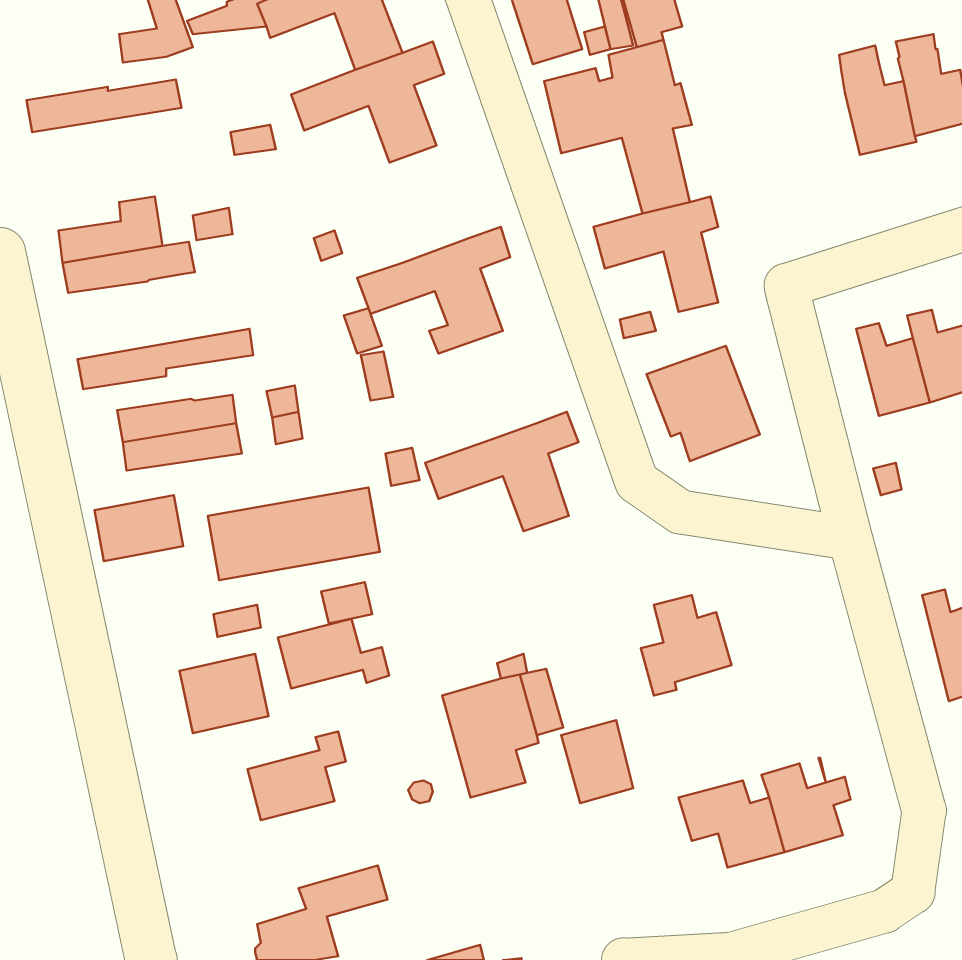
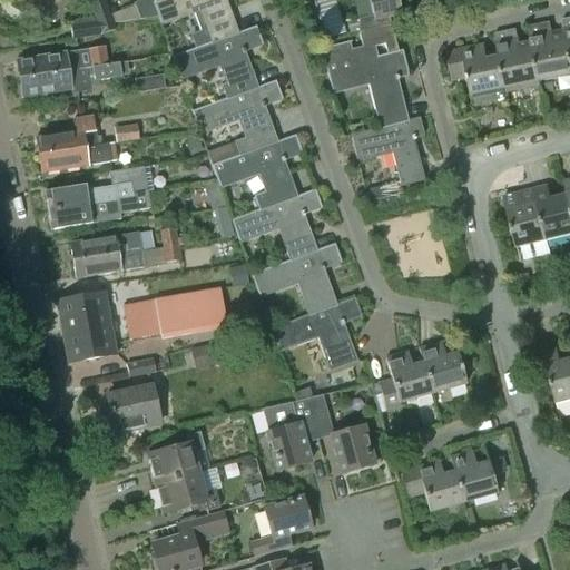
building: none -> [449,43,508,94]
building: none -> [21,62,127,97]
building: none -> [194,79,284,155]
building: none -> [45,166,154,212]
building: none -> [233,188,323,259]
building: none -> [272,297,363,368]
building: none -> [63,322,116,362]
building: none -> [420,337,468,392]
building: [278,619,389,689] -> [156,472,222,513]
building: none -> [253,495,313,556]

